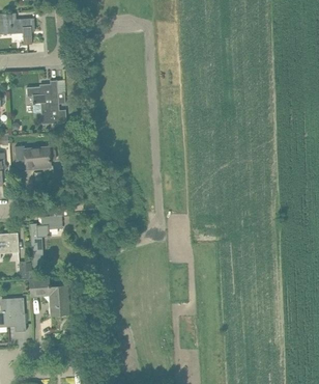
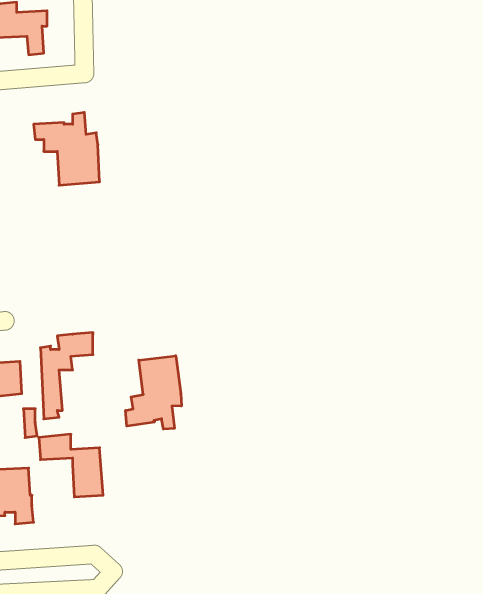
building: [14,146,56,170] -> none
building: none -> [126,356,181,429]

